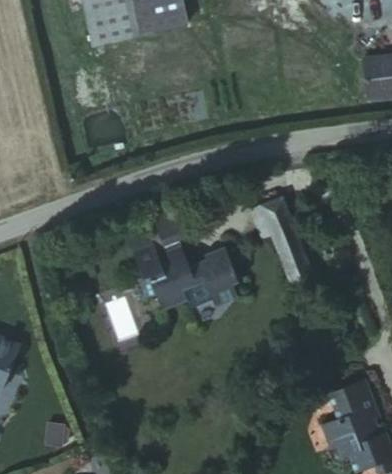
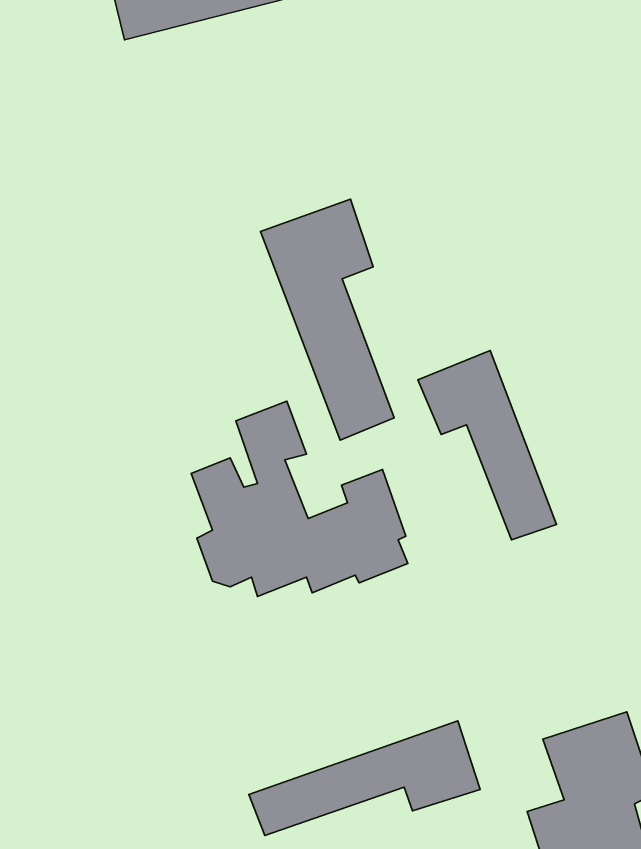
building: none -> [260,199,394,440]
building: none -> [249,721,480,836]

